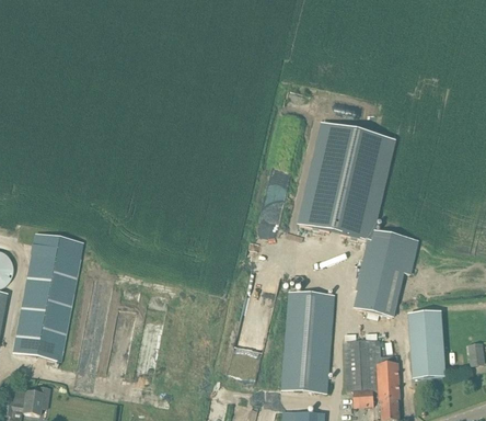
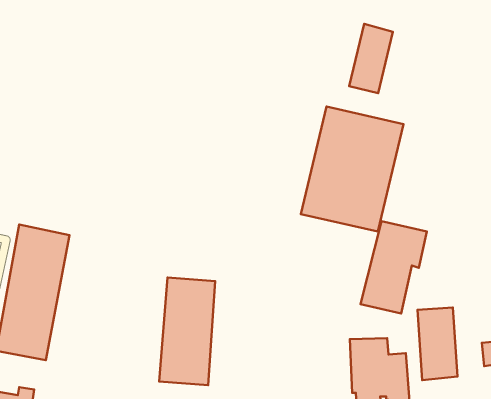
building: none -> [349,24,393,93]
building: [281,291,334,391] -> [159,278,215,385]

